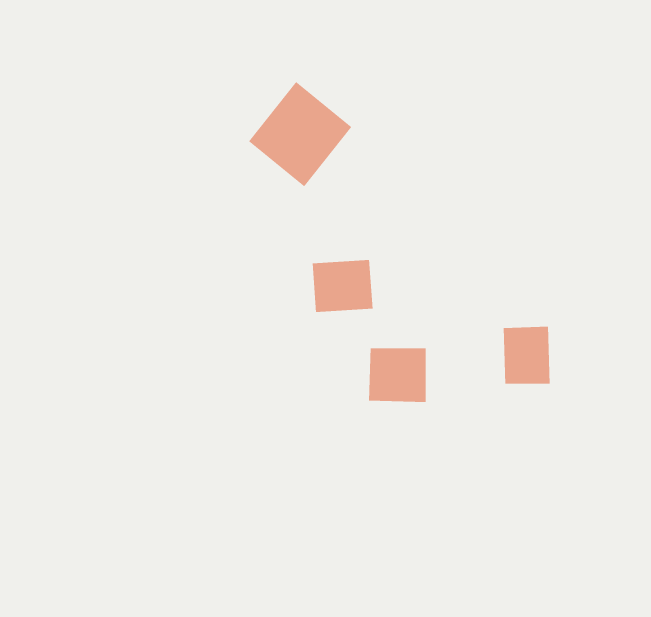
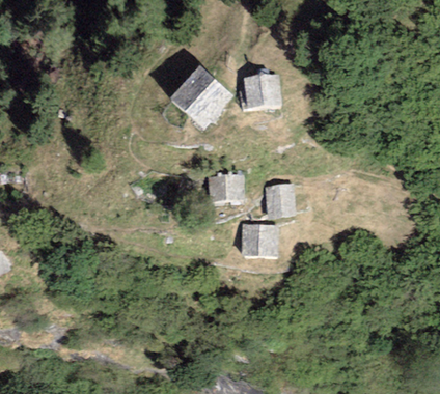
building: none -> [242,74,280,109]
building: [503,326,551,384] -> [265,182,293,217]

